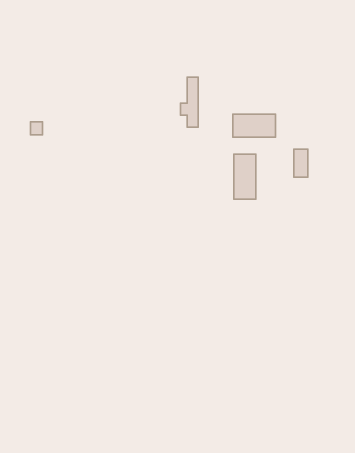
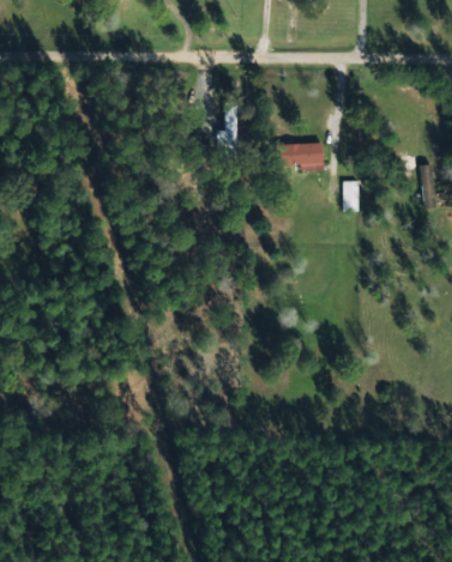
building: [234,154,256,199] -> none

